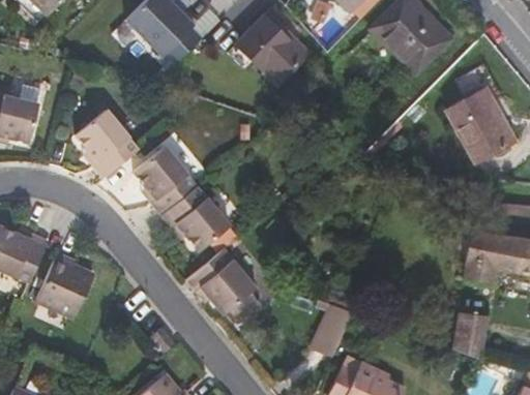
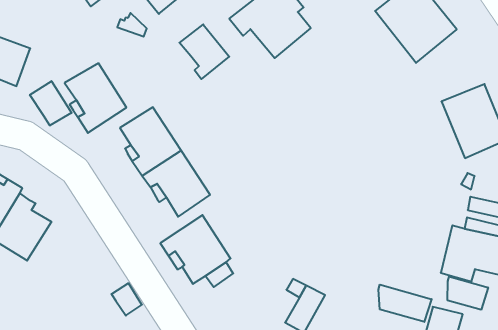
building: none -> [179,24,229,79]
building: none -> [30,81,72,126]
building: none -> [448,276,488,310]
building: none -> [379,285,432,322]

